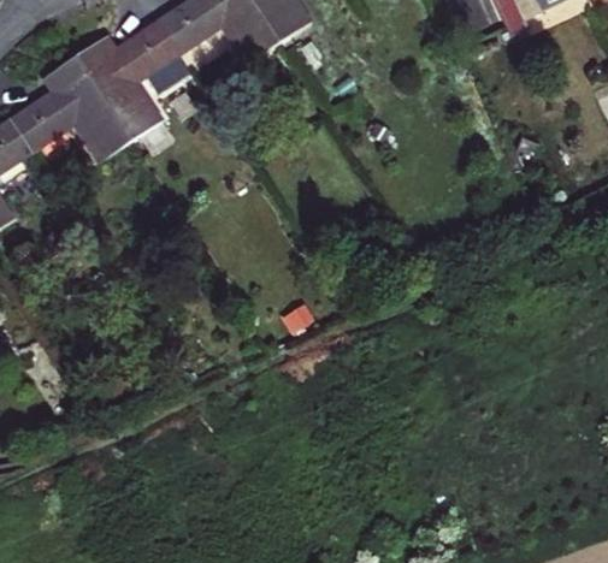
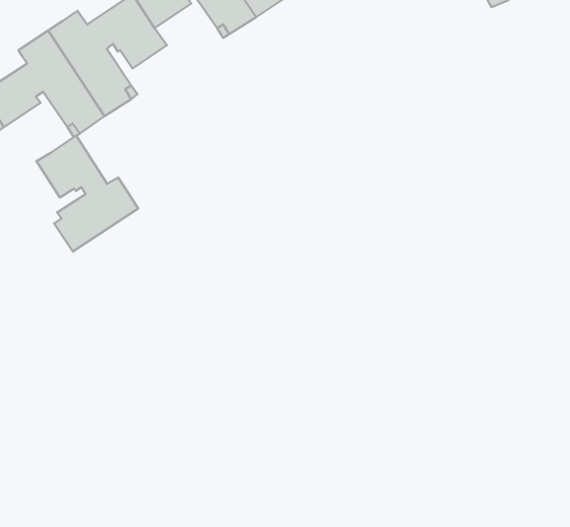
building: none -> [36,136,138,251]

